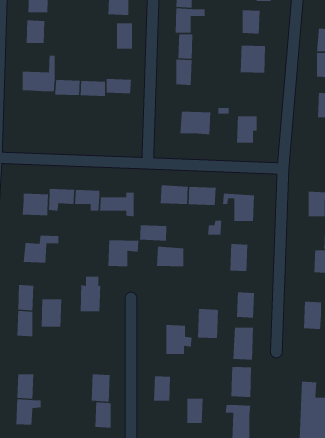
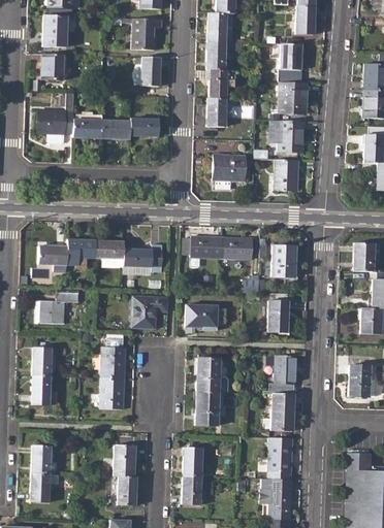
building: none -> [269,120,303,152]
building: [139,224,167,242] -> none
building: [41,299,62,327] -> [100,376,124,408]
building: [197,308,219,339] -> [196,357,220,391]
building: [187,398,203,424] -> [183,475,201,504]

